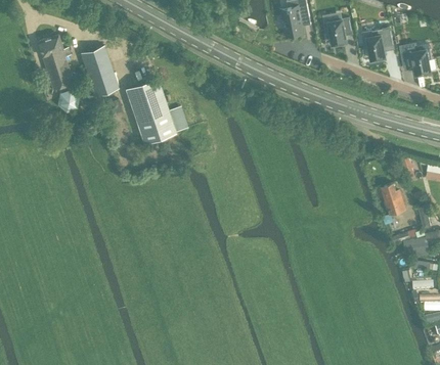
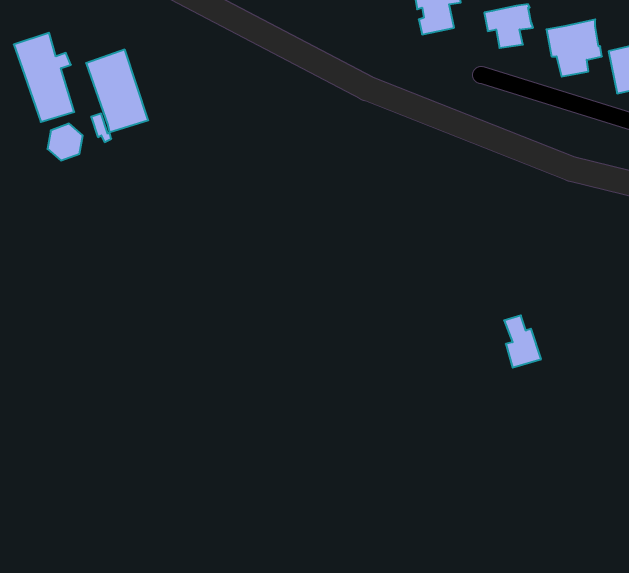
building: [125,78,175,143] -> none
building: [383,183,405,215] -> [504,315,541,368]

